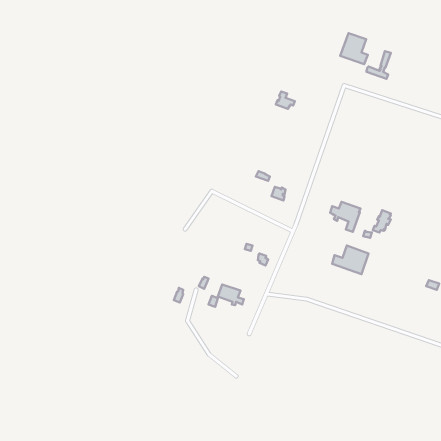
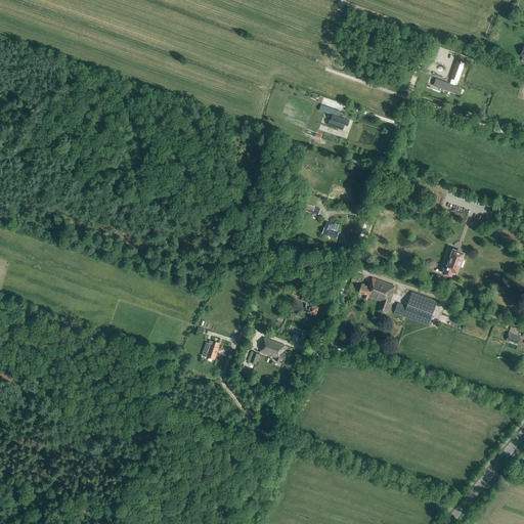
building: [340,33,368,64] -> none
building: [330,202,361,232] -> [358,277,394,313]

